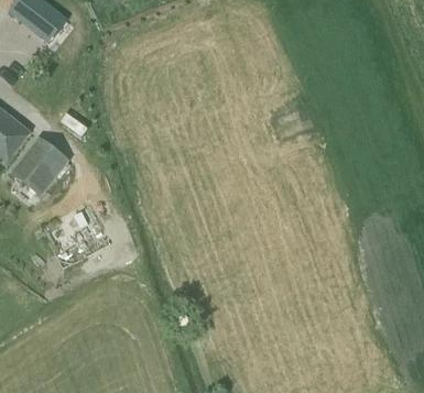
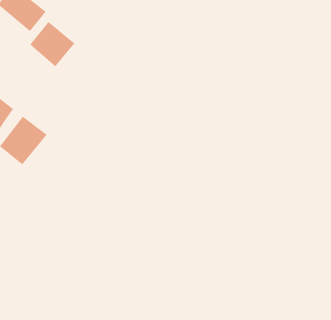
building: none -> [29,21,75,67]

